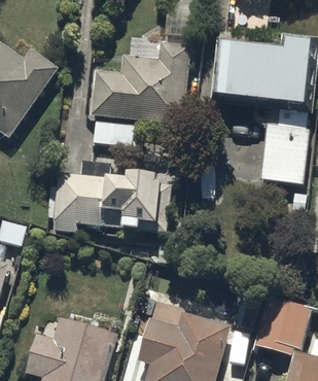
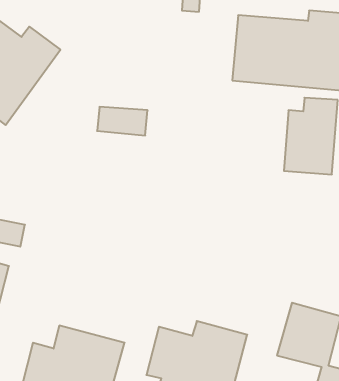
building: [89,42,188,123] -> none
building: [48,163,172,232] -> none

